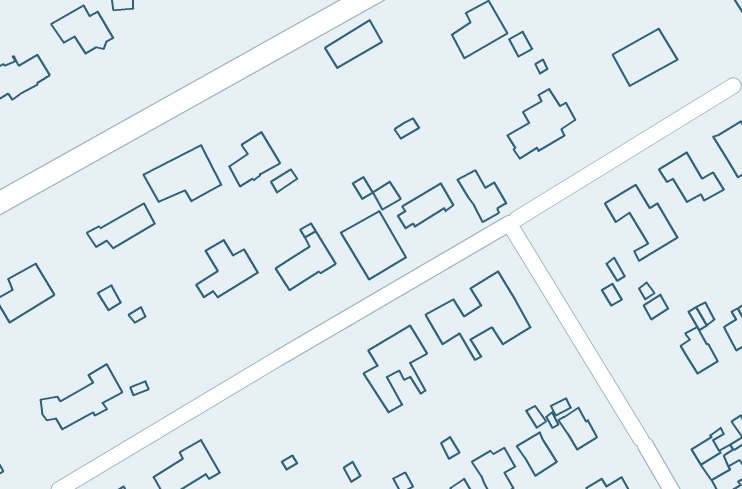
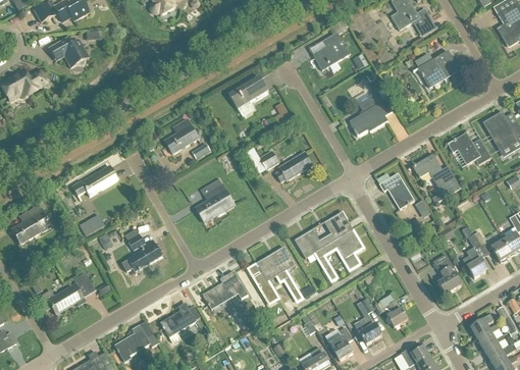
building: [325,20,382,68] -> [228,76,266,108]
building: [144,145,221,202] -> none
building: [457,170,506,222] -> none
building: [341,211,406,280] -> none
building: none -> [379,173,413,209]
building: [196,240,258,297] -> [119,233,160,271]
building: none -> [431,253,460,295]
building: none -> [202,271,248,310]
building: none -> [160,303,196,341]

